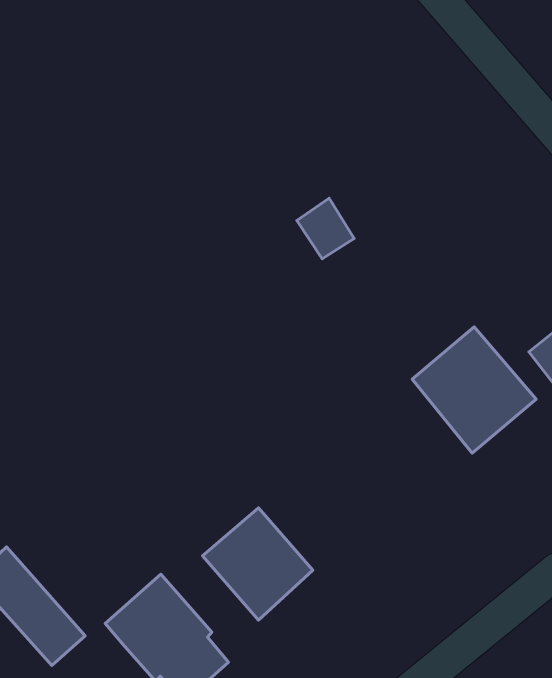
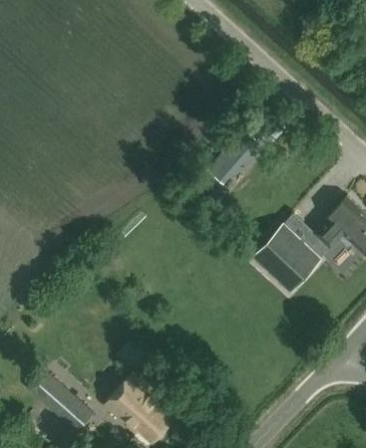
building: [297,198,354,259] -> [211,141,243,174]
building: [202,508,313,620] -> none

